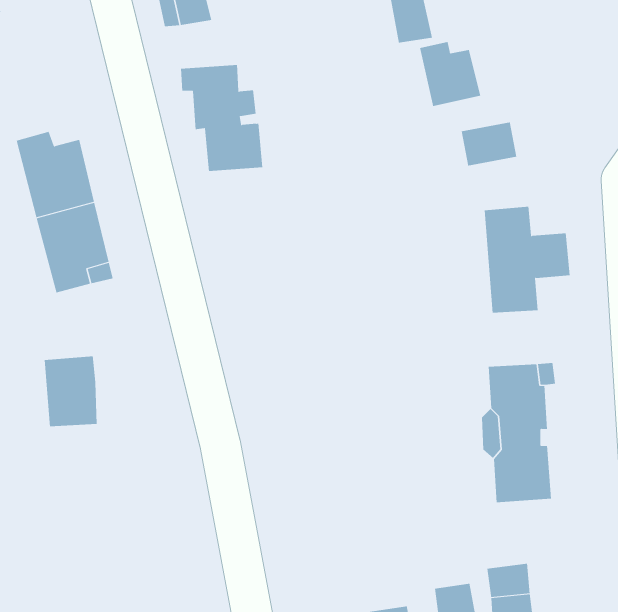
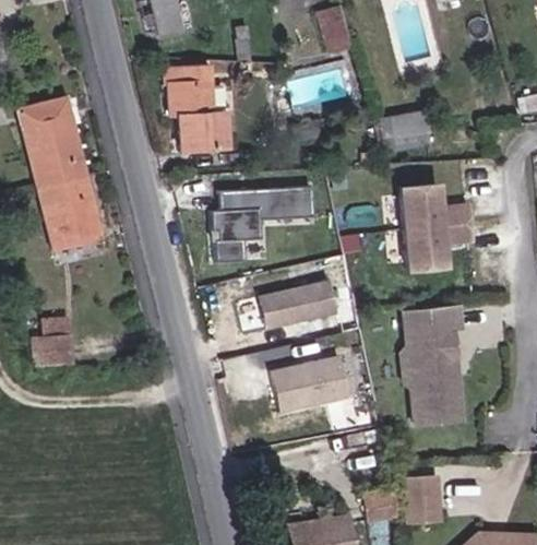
building: [419,41,481,107] -> none
building: none -> [20,103,75,133]
building: none -> [201,186,301,260]
building: none -> [249,276,327,327]
building: none -> [266,359,345,417]

